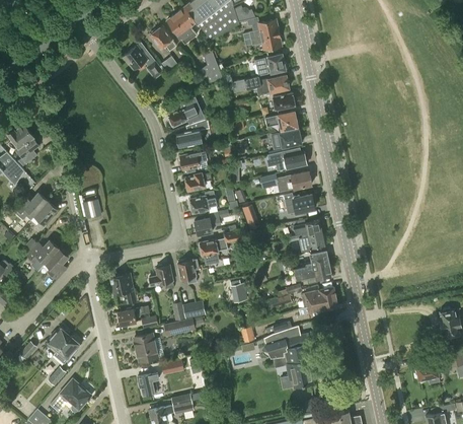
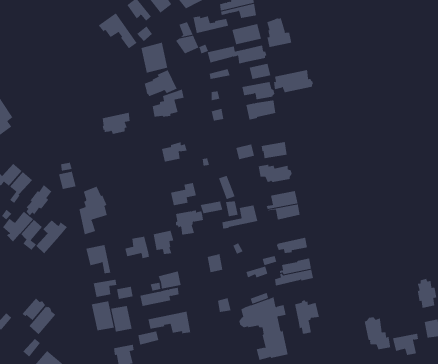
building: none -> [193,16,229,34]
building: none -> [266,17,292,48]
building: none -> [141,42,168,73]
building: [267,146,308,169] -> [273,69,314,93]
building: [180,149,209,171] -> [102,112,130,134]
building: [189,190,217,213] -> none
building: none -> [25,184,52,216]
building: none -> [79,186,108,235]
building: none -> [36,219,68,254]
building: [293,250,329,274] -> [221,205,258,229]
building: none -> [294,299,319,334]
building: none -> [91,301,114,331]
building: none -> [148,311,191,334]
building: none -> [364,316,391,350]

